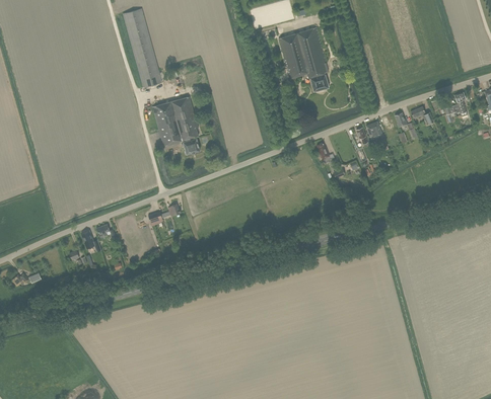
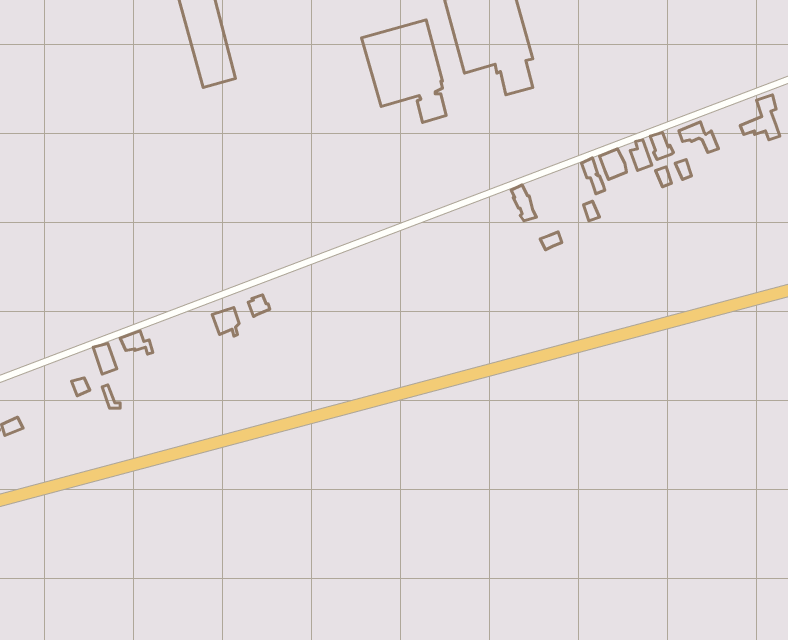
building: [152,96,200,154] -> [361,20,446,123]

